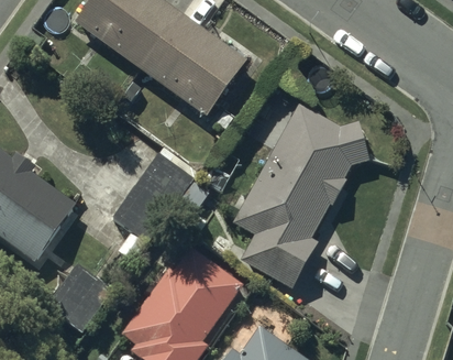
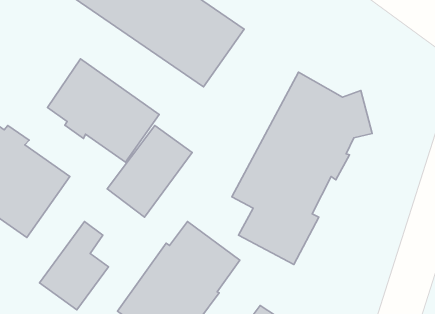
building: none -> [47,59,159,162]

